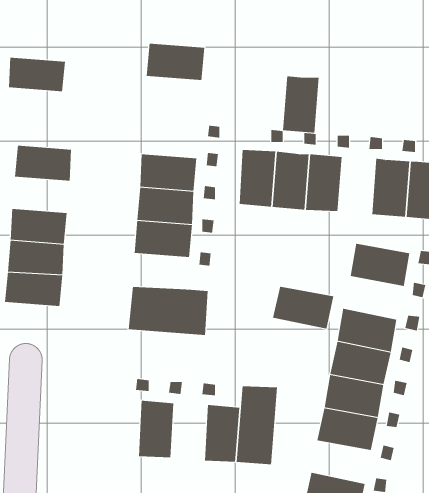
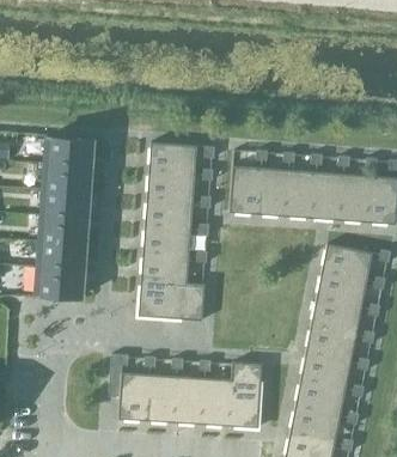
building: [146,43,205,81] -> [148,142,197,173]
building: [8,57,66,92] -> [45,138,93,166]
building: [282,76,320,133] -> [312,172,343,220]
building: none -> [41,189,90,219]
building: none -> [141,252,189,282]
building: [272,286,334,329] -> [316,272,367,307]
building: none -> [109,354,148,421]
building: none -> [173,377,203,425]
building: none -> [289,408,340,444]

